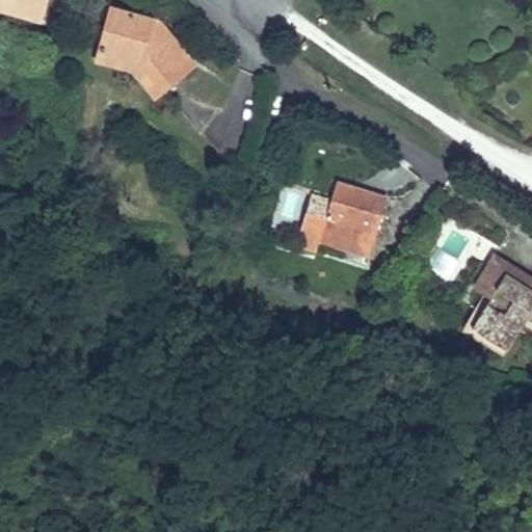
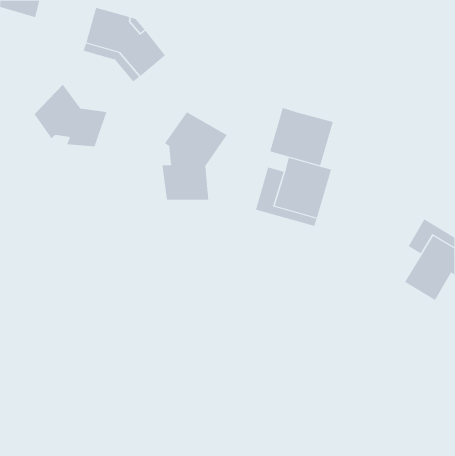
building: none -> [34,84,107,147]
building: none -> [270,107,333,166]
building: none -> [162,112,227,200]

